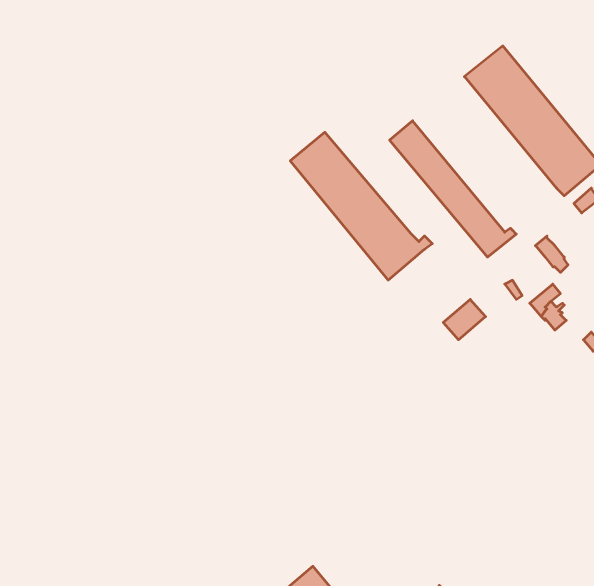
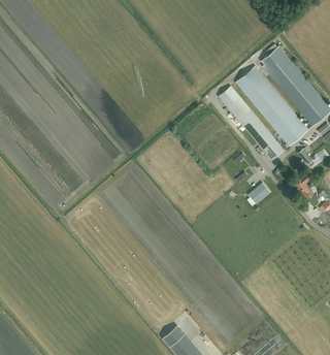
building: [290,132,432,280] -> [236,67,312,147]

